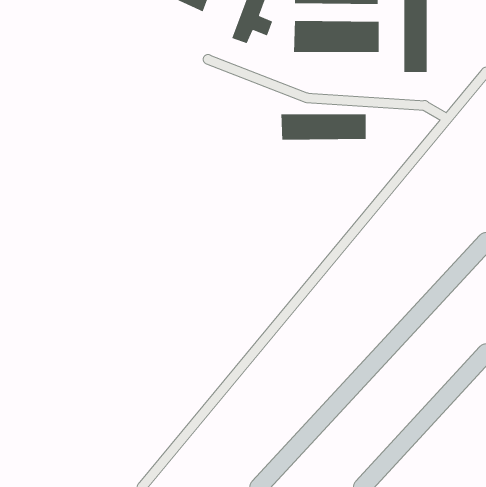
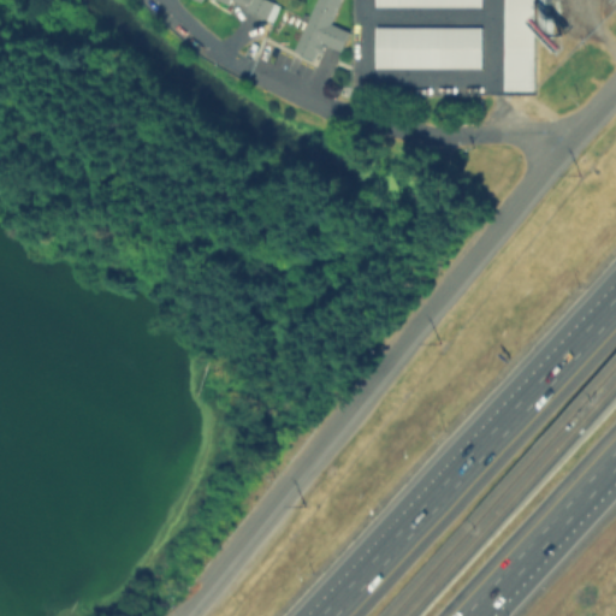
building: [281,114,366,140] -> none

